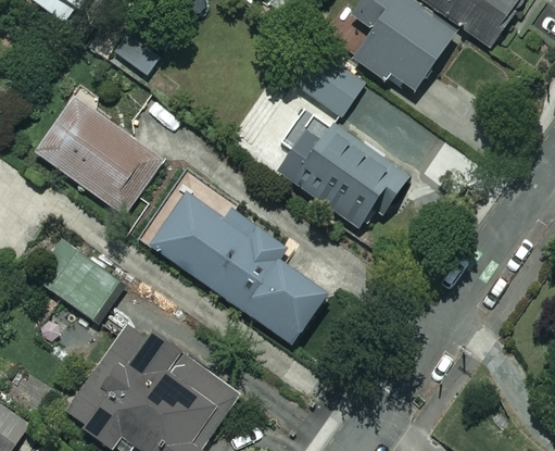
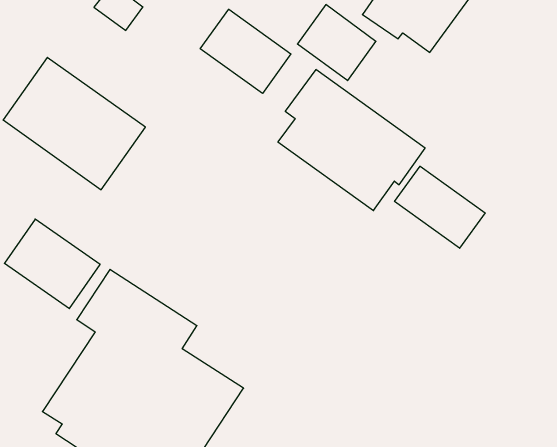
building: none -> [200,9,291,93]
building: [142,187,327,343] -> none
building: none -> [395,166,485,248]

